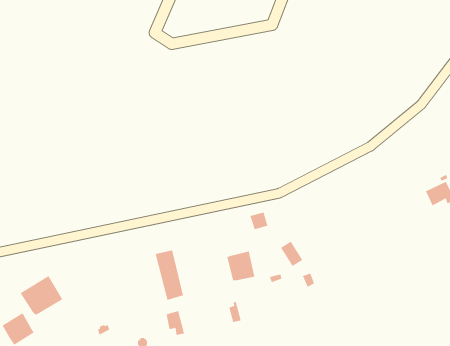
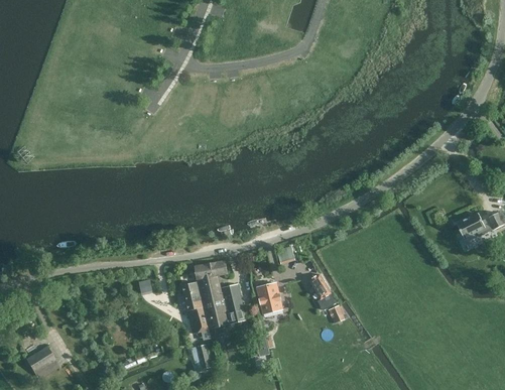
building: none -> [197,262,247,329]
building: [20,275,63,316] -> none

